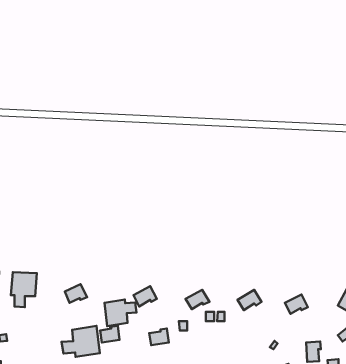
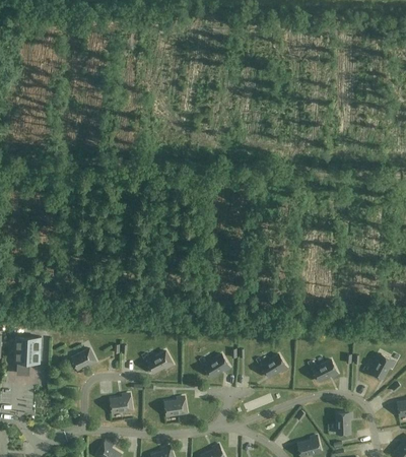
building: [104,300,137,326] -> none
building: [61,326,100,357] -> none

